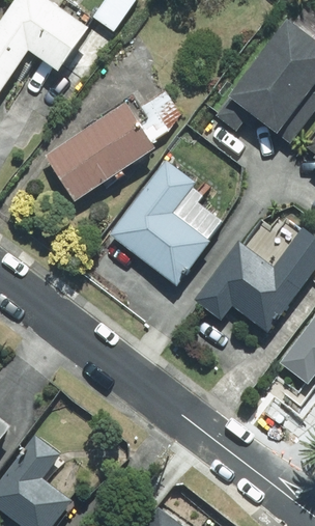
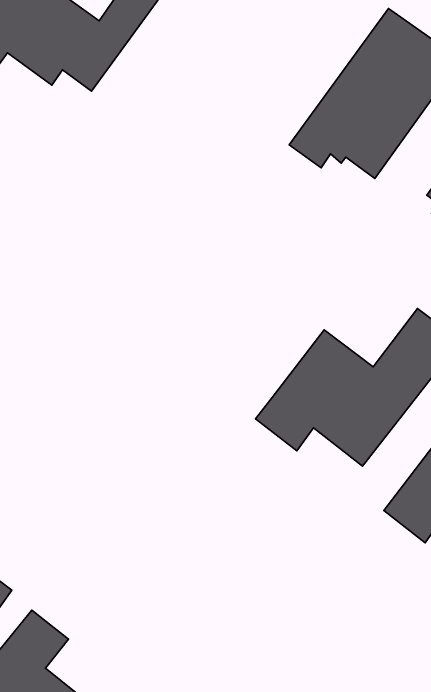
building: [46,102,156,199] -> none
building: [110,157,223,283] -> none

